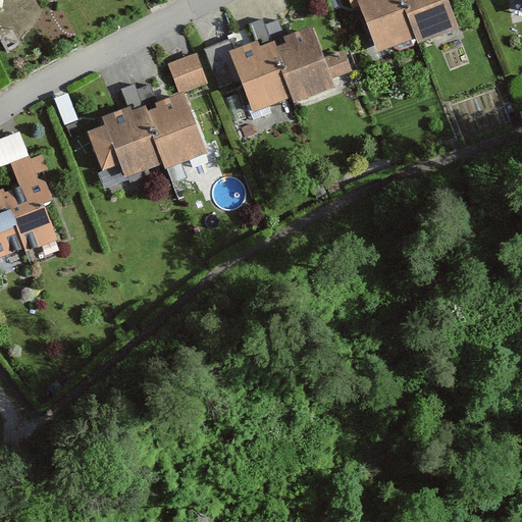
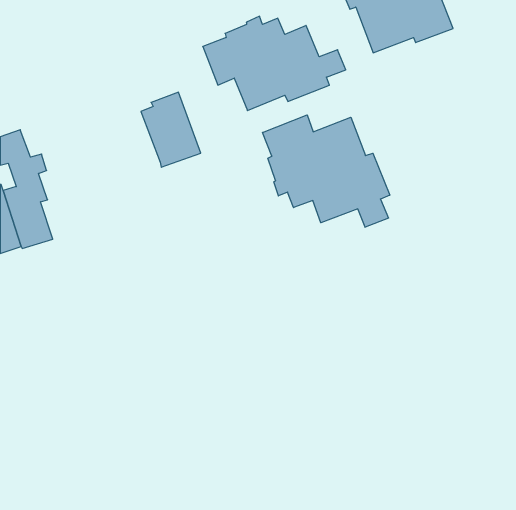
building: [169,52,208,91] -> none
building: [89,107,163,177] -> none
building: none -> [263,115,390,227]

